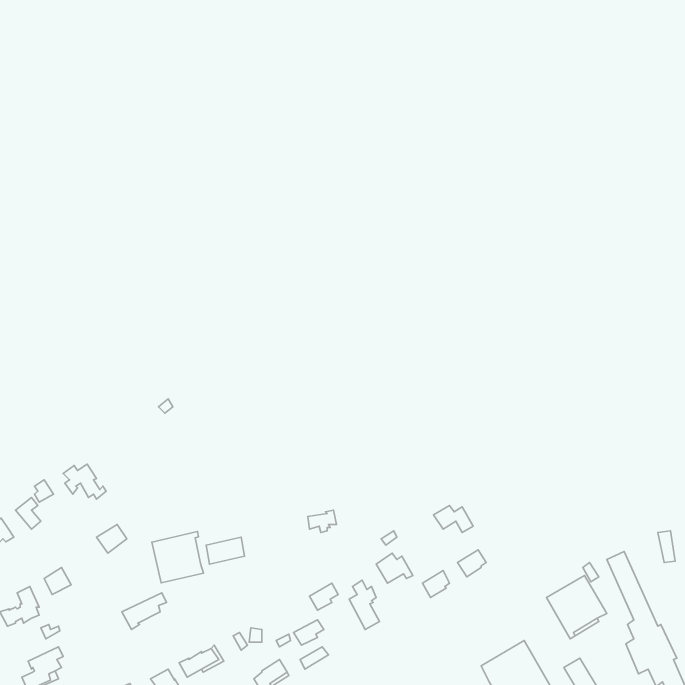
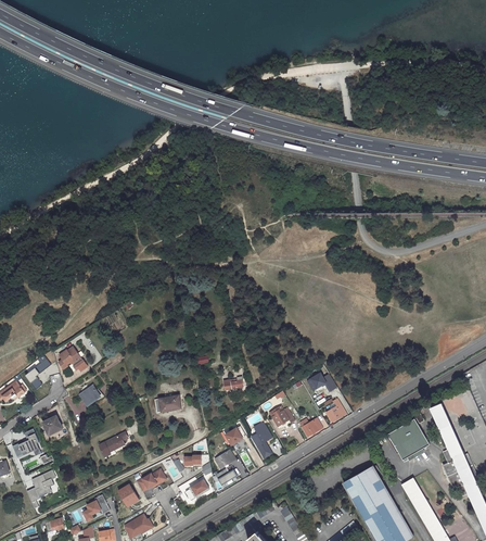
building: [152,532,203,583] -> none

